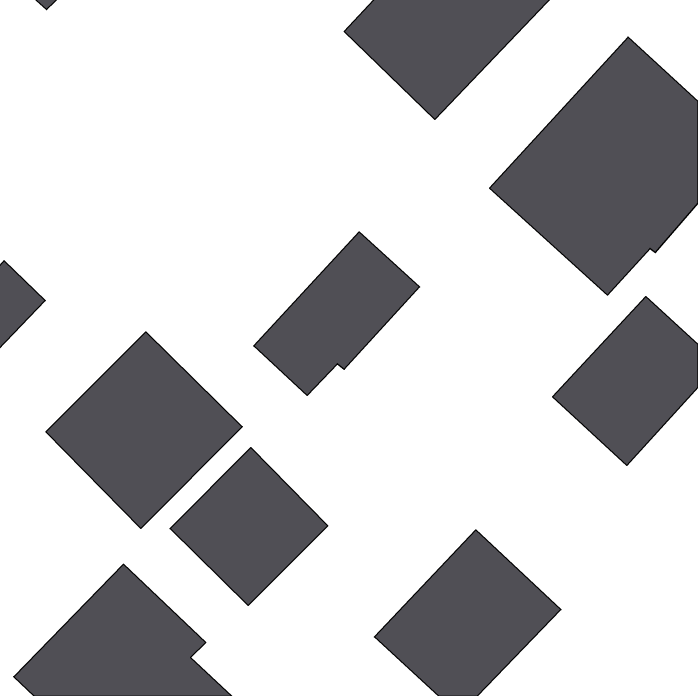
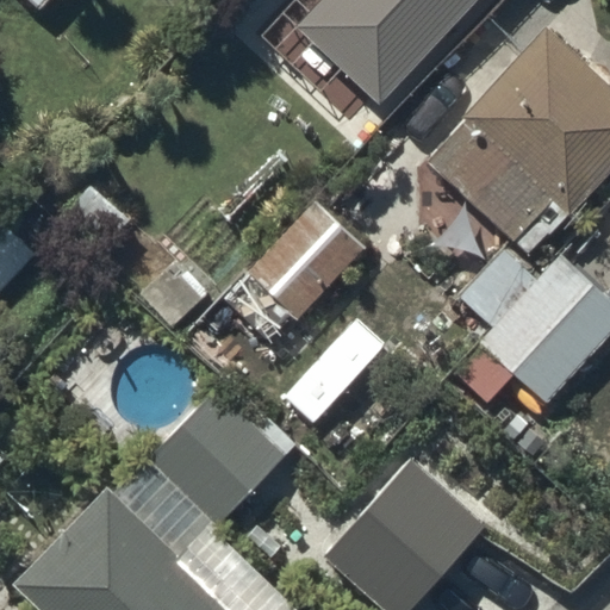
building: [46,332,242,528] -> none

